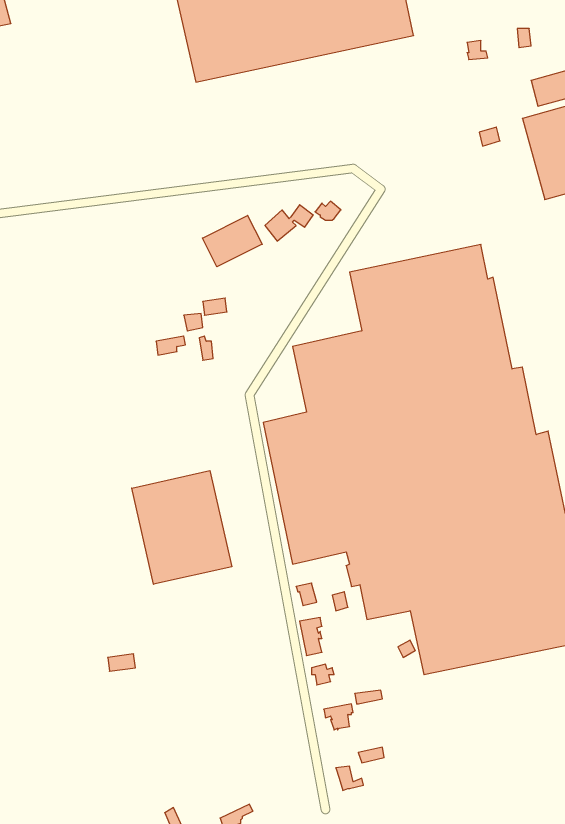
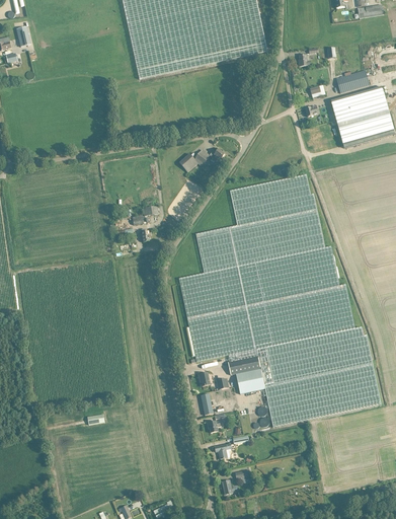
building: [202,215,262,267] -> none
building: [132,471,232,584] -> none

